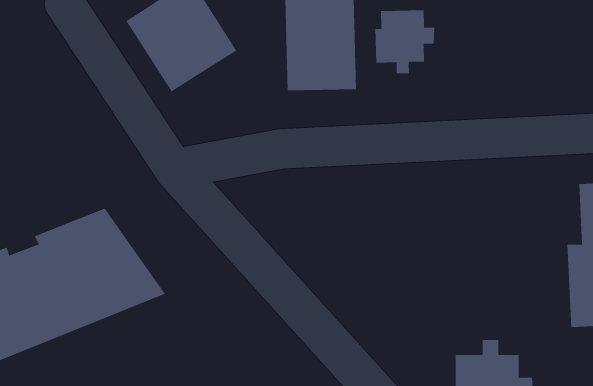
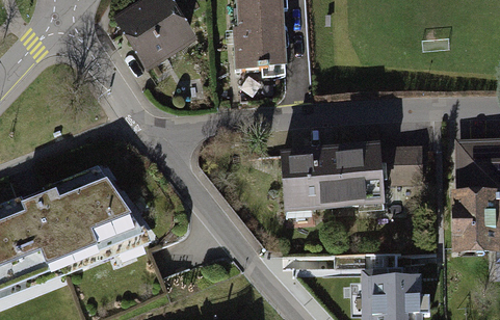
building: [375,9,435,74] -> none
building: none -> [286,151,425,224]

